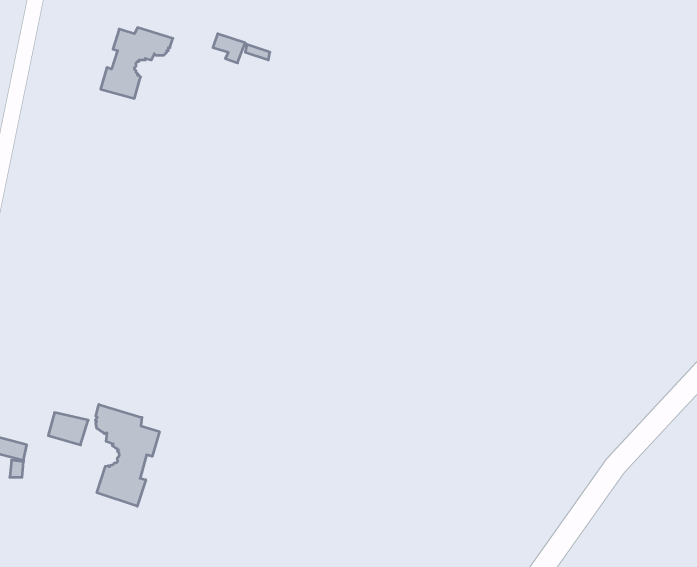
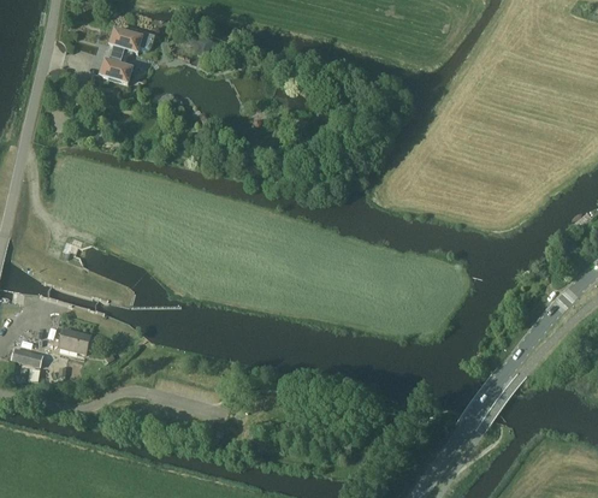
building: [95,404,159,506] -> none

